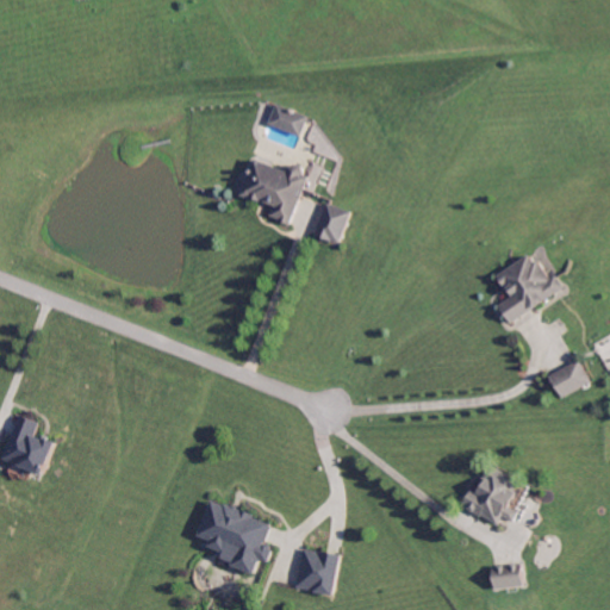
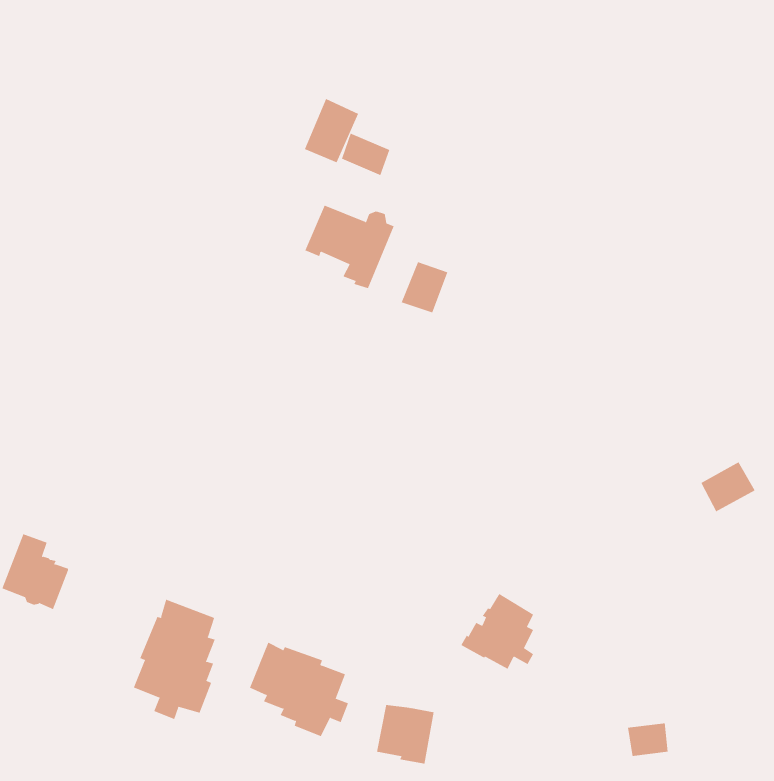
building: none -> [304,98,359,163]
building: [493,255,561,325] -> none
building: [458,466,515,525] -> [461,593,534,669]
building: none -> [133,599,215,720]

